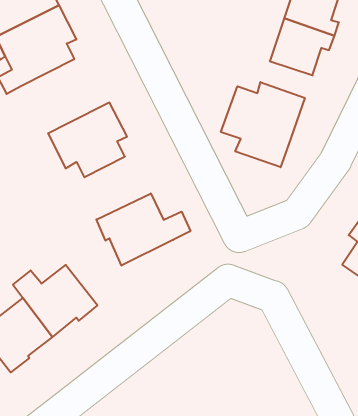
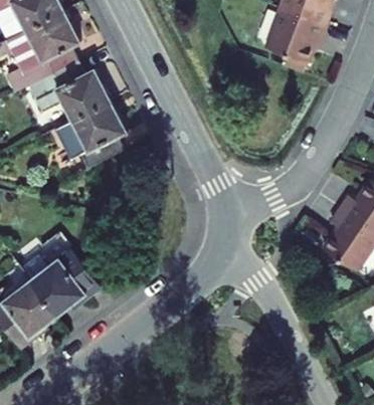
building: none -> [30,59,112,119]
building: [221,82,305,167] -> none
building: [96,193,190,266] -> none

